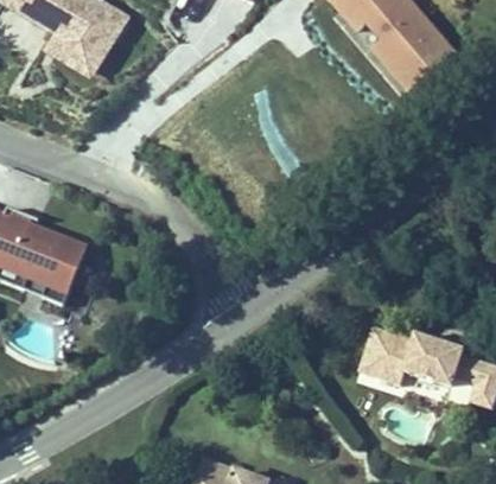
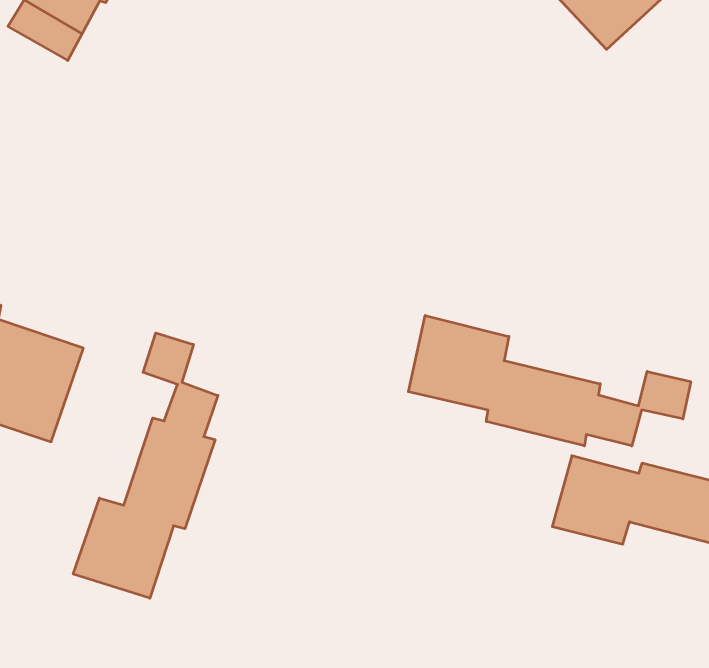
building: none -> [408,315,691,446]
building: none -> [73,333,218,598]

